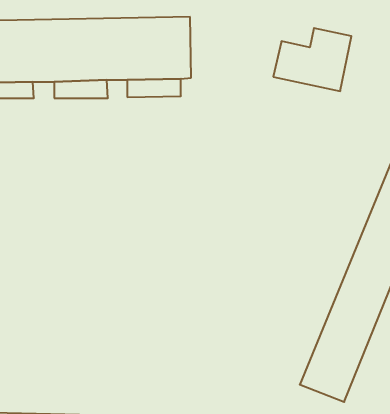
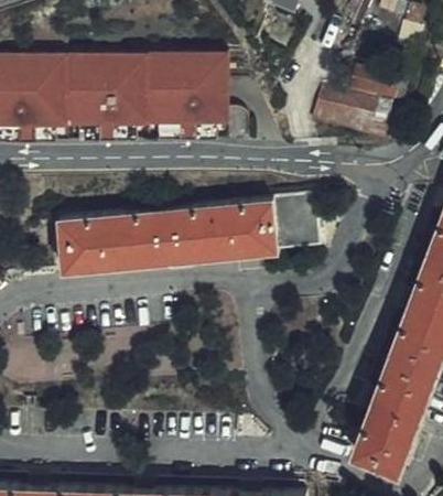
building: none -> [63,197,323,270]

